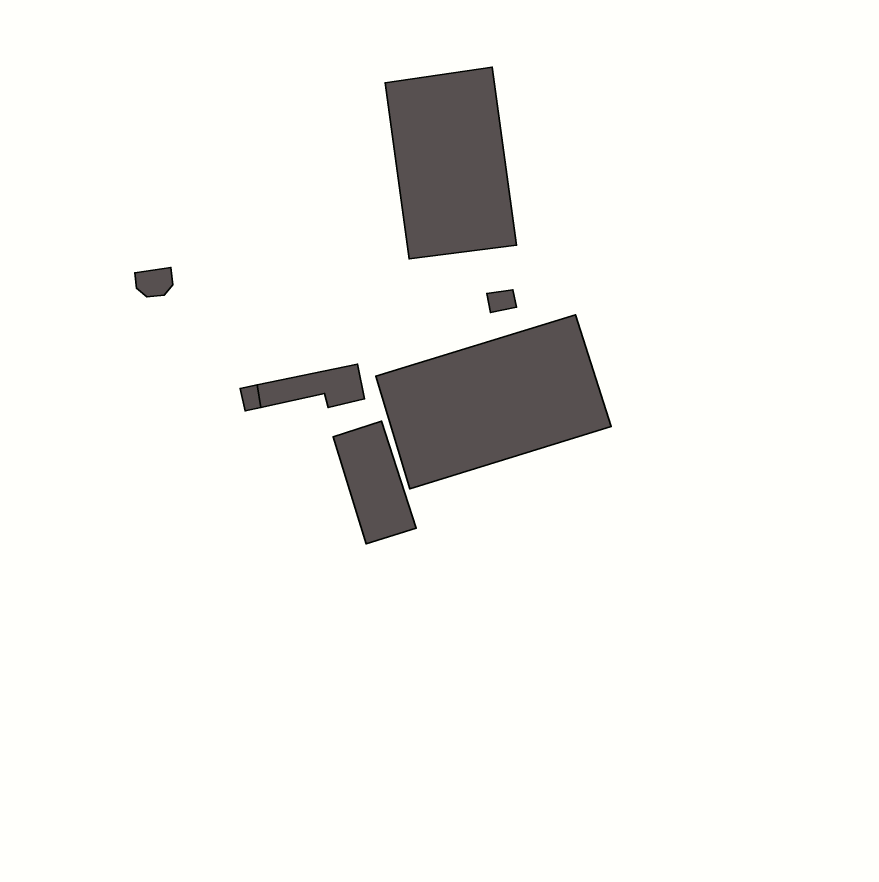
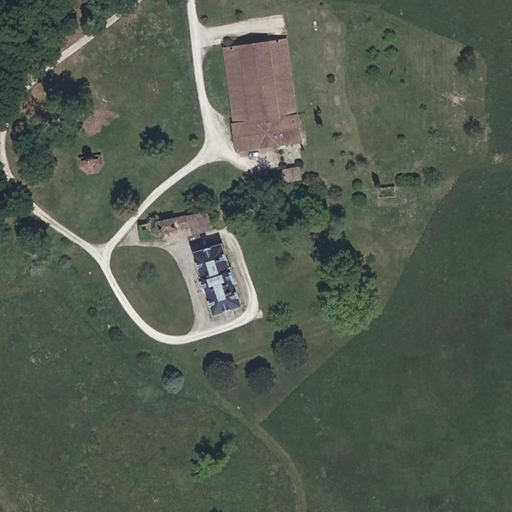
building: [376,315,611,489] -> none

